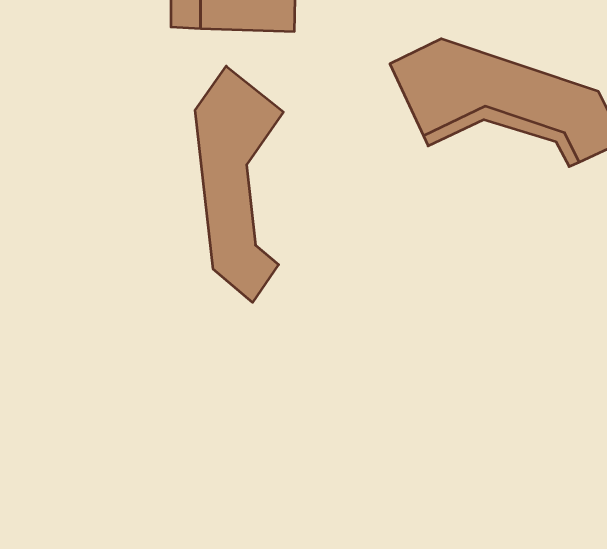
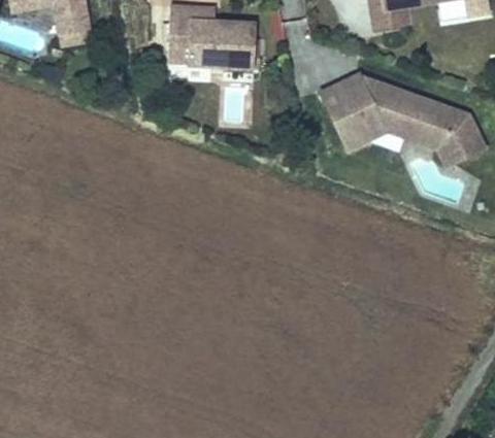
building: [195,66,283,302] -> none

